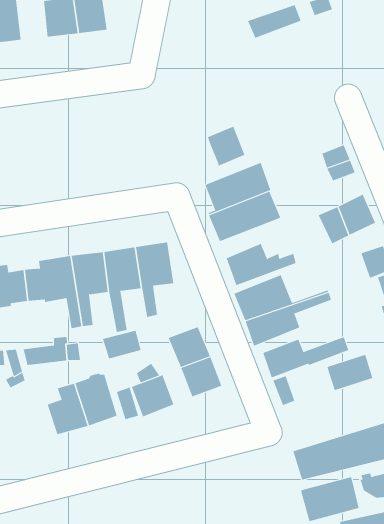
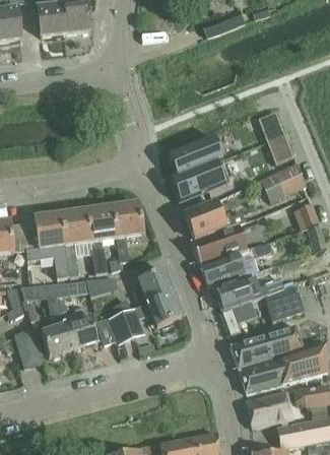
building: [207,126,245,166] -> none
building: none -> [229,324,304,368]
building: none -> [14,326,44,368]

